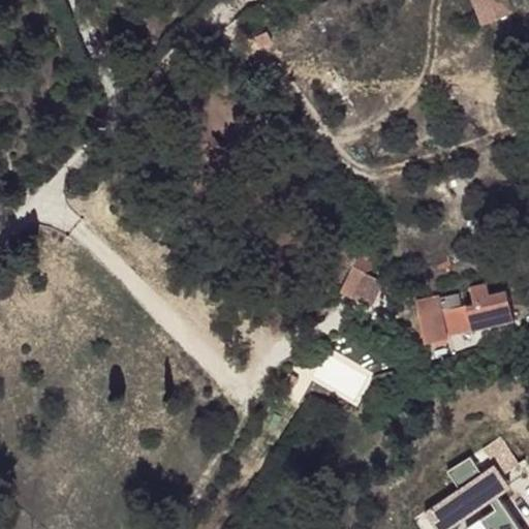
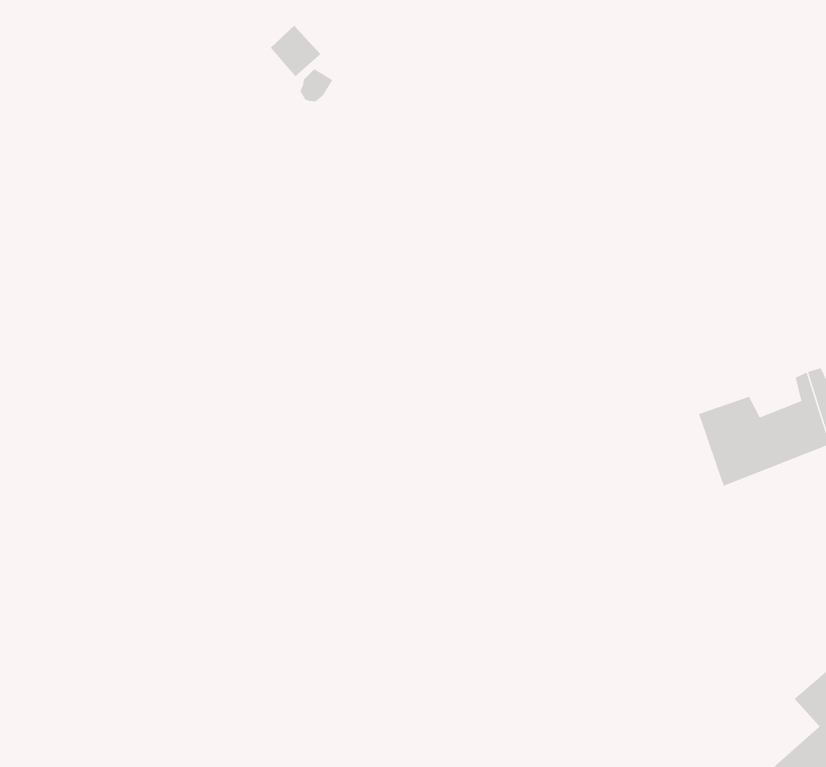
building: [339,266,380,304] -> none

